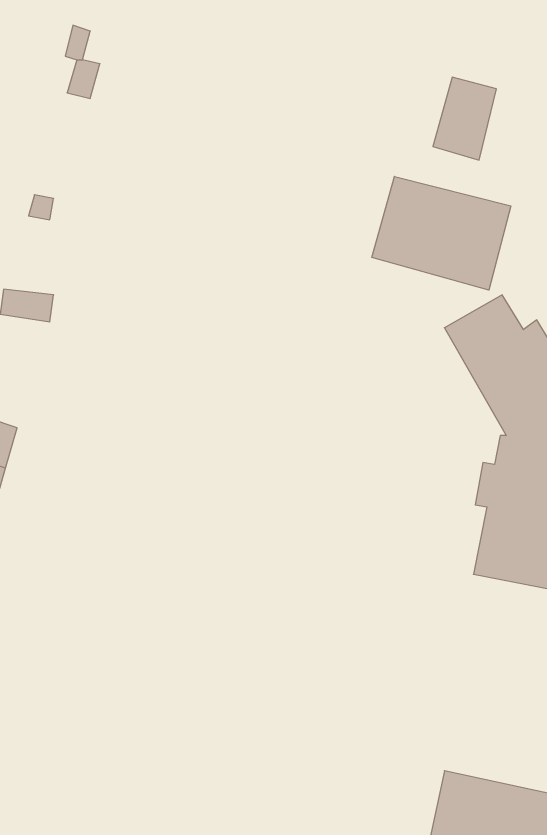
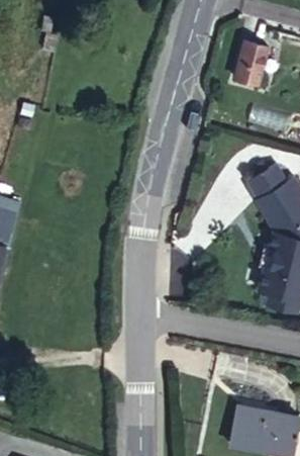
building: [372,176,511,290] -> none

